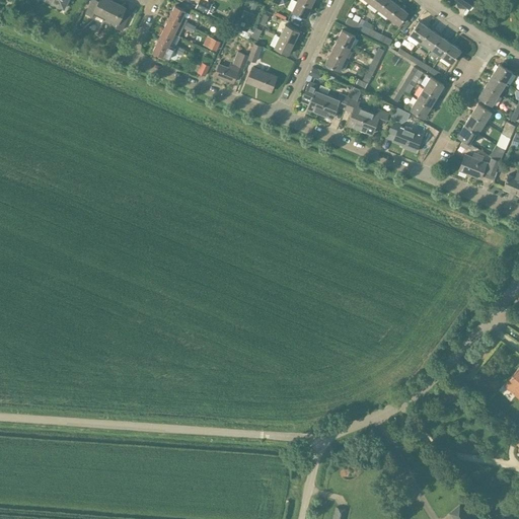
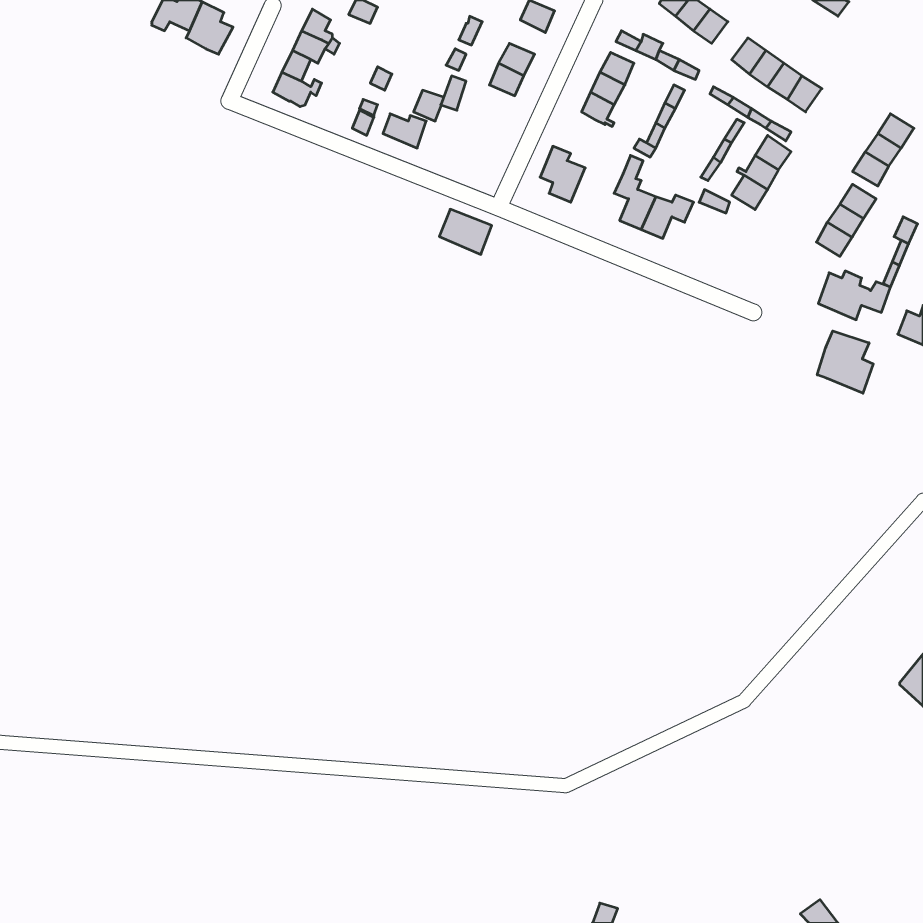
building: [247,67,277,92] -> [439,209,492,254]
building: [320,93,350,118] -> none
building: [388,121,423,151] -> none
building: none -> [817,331,873,393]

